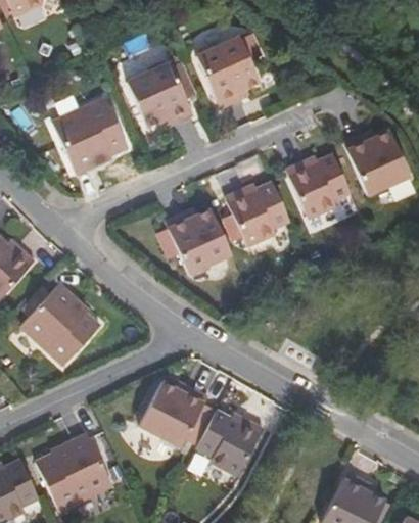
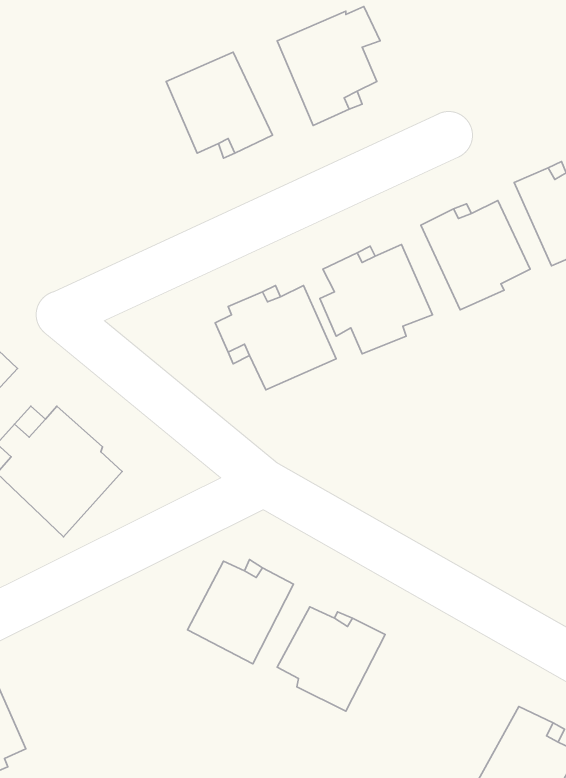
building: [51,97,127,173] -> none
building: [38,433,113,510] -> none

